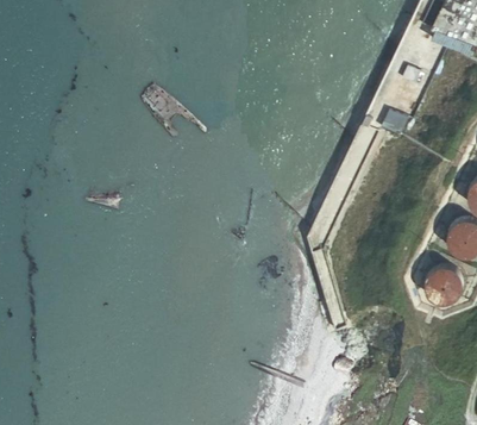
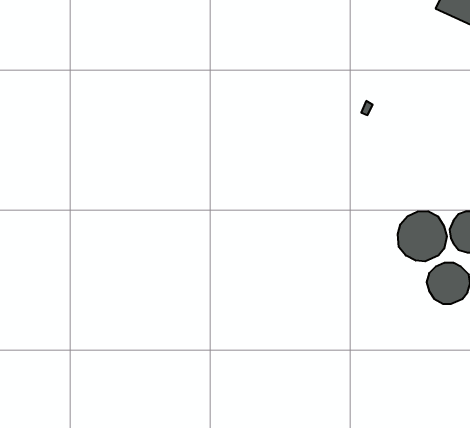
building: none -> [398,211,447,261]

